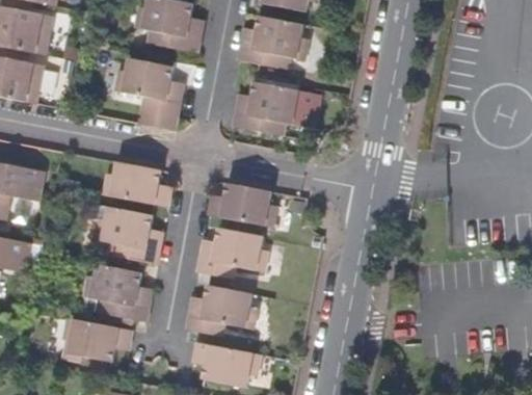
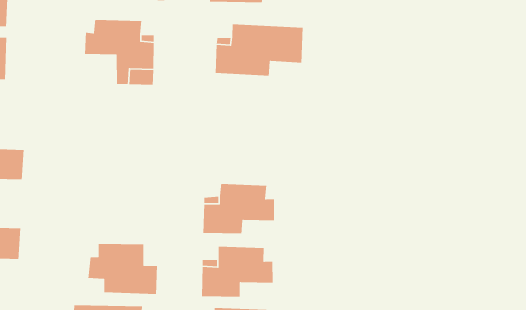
building: [105,162,170,206] -> none
building: [209,182,277,226] -> none
building: [86,204,162,265] -> none

